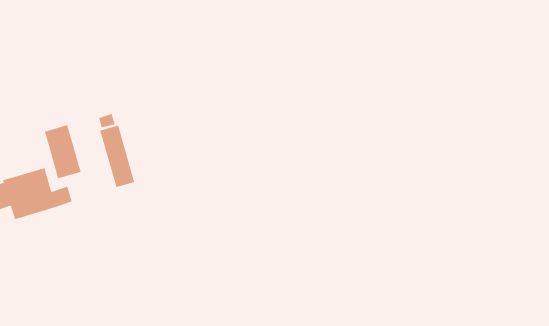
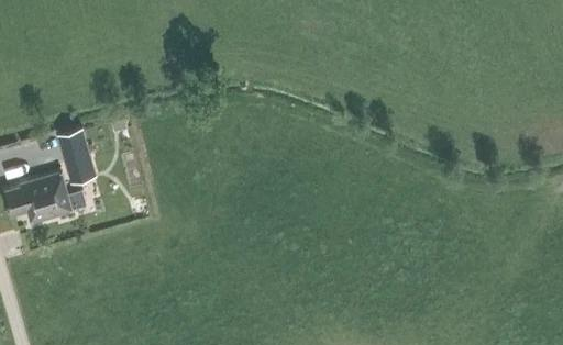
building: [100,125,135,188] -> none

